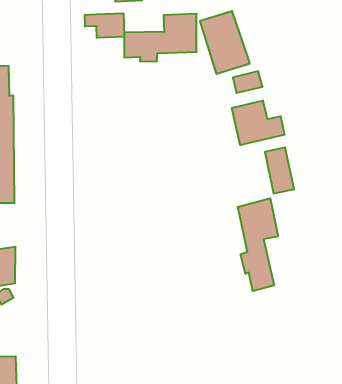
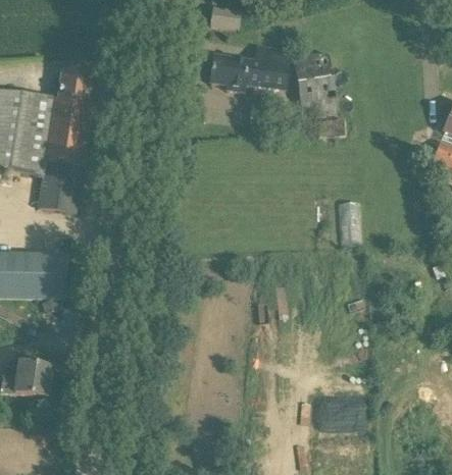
building: [85,13,124,38] -> none
building: [232,100,285,145] -> none
building: [238,198,278,291] -> none

